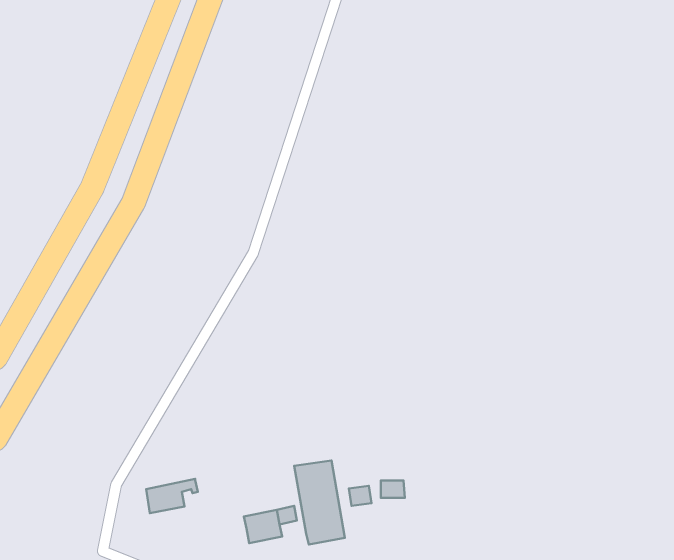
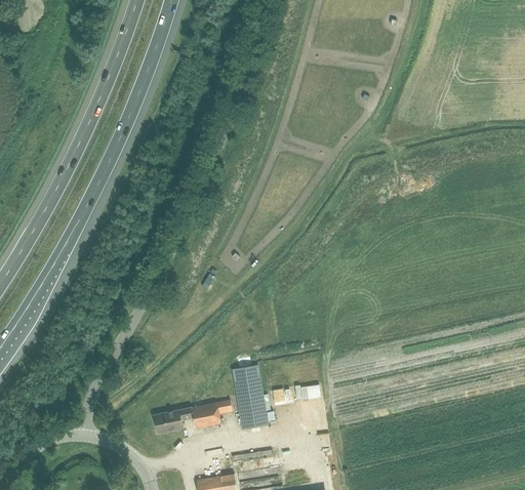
building: [146,479,198,513] -> [153,408,193,435]

